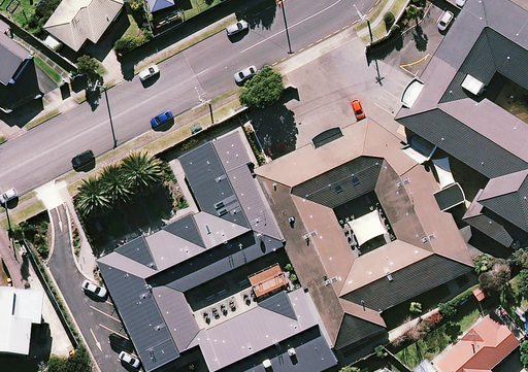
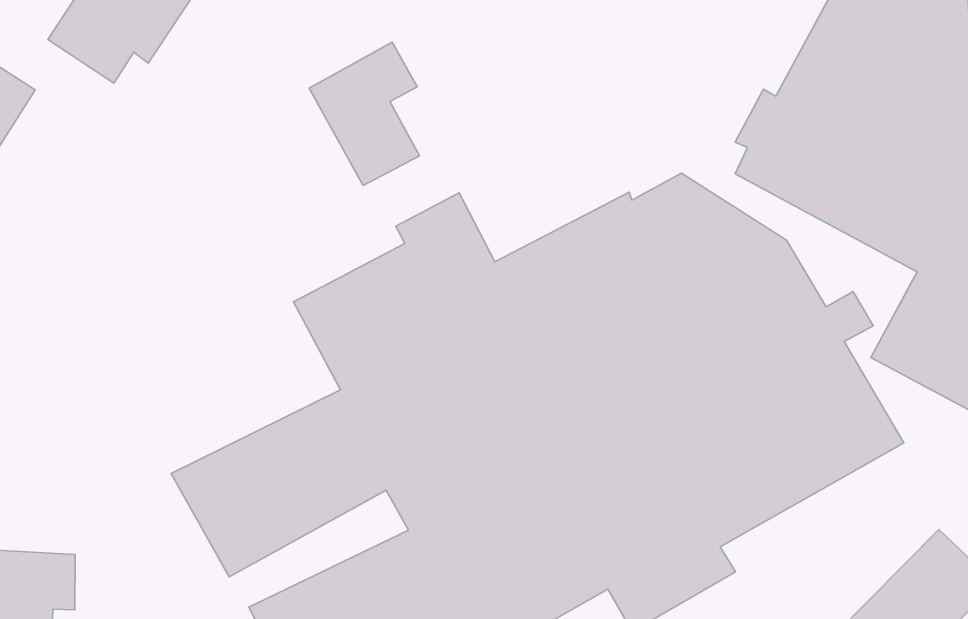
building: none -> [309,42,420,186]

